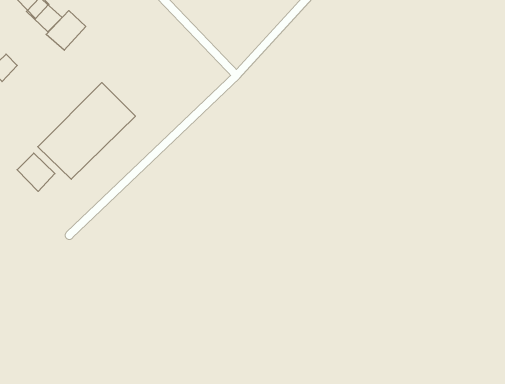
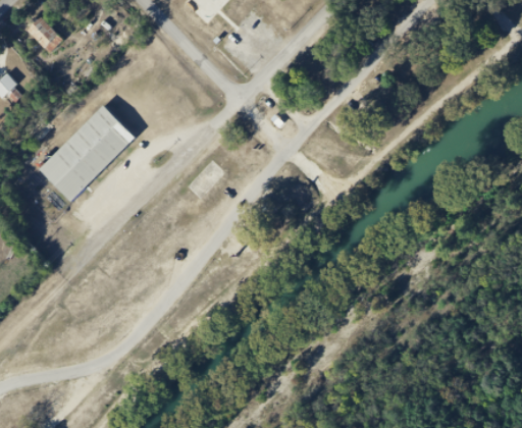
building: [46,11,86,50] -> none
building: [17,153,55,191] -> none

